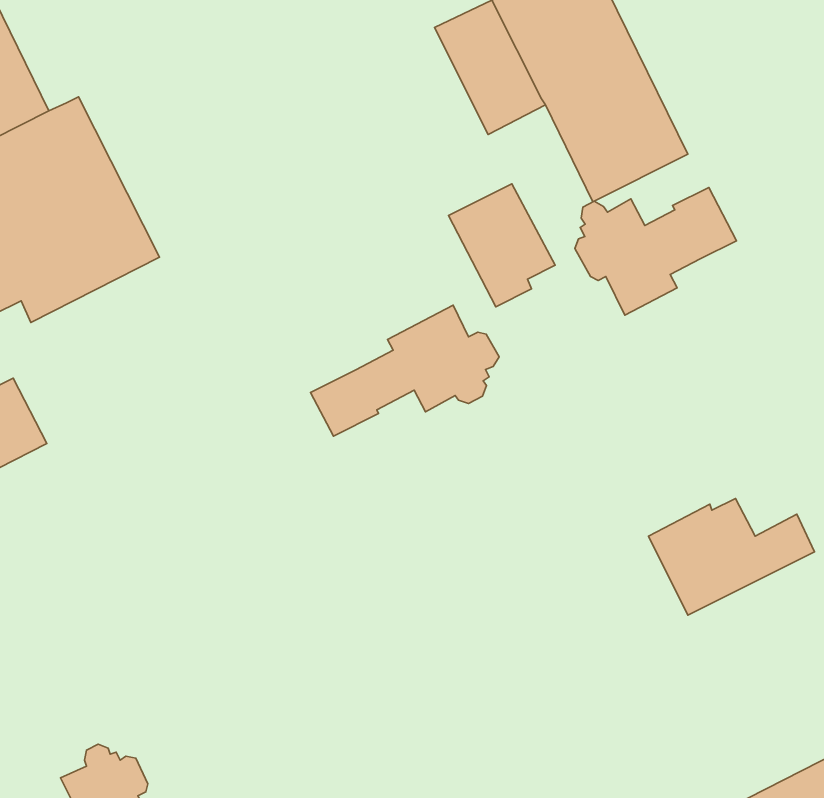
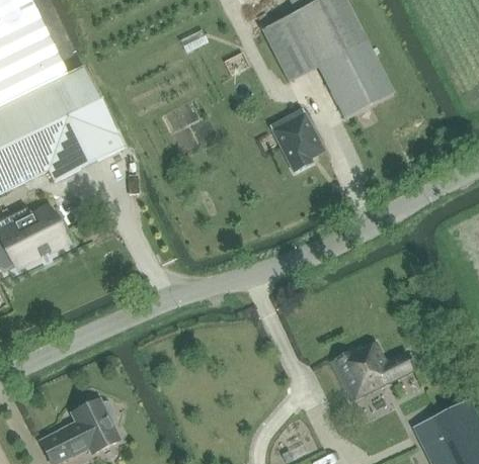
building: [575,188,737,315] -> none
building: [311,305,499,436] -> none
building: [648,498,815,615] -> [330,342,415,401]

